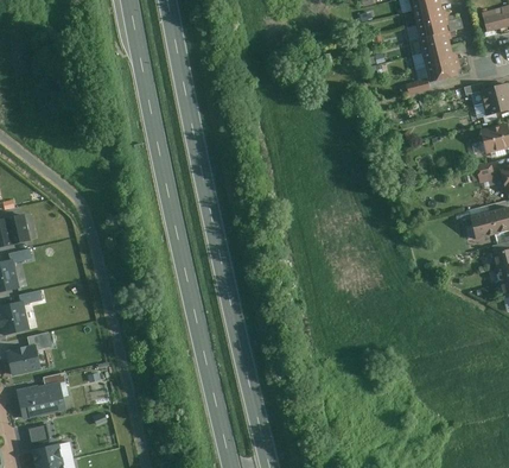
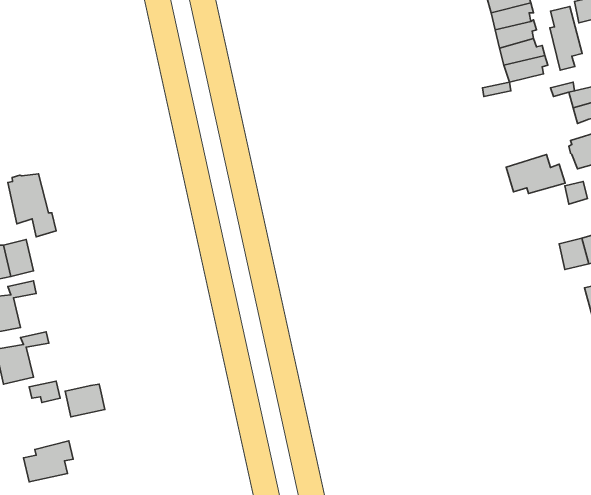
building: none -> [550,6,582,70]
building: none -> [506,155,565,194]
building: none -> [8,174,56,237]
building: [7,344,40,372] -> [65,384,105,417]

